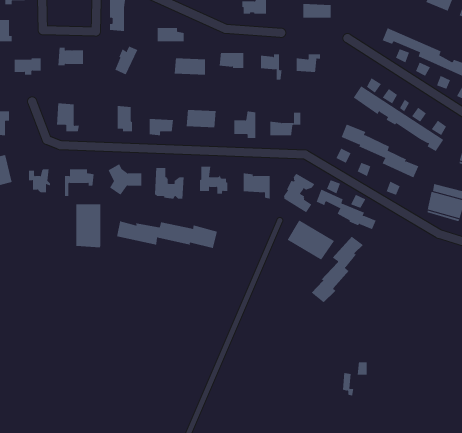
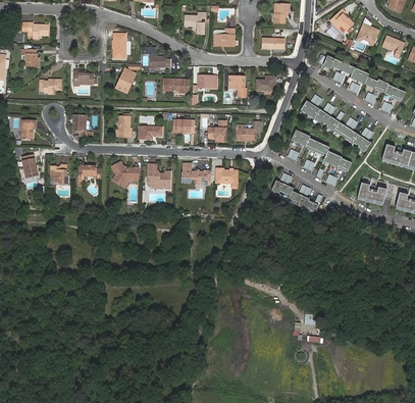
building: [283,173,315,213] -> none
building: [76,203,101,248] -> none
building: [287,219,334,261] -> none
building: [117,220,217,249] -> none
building: [311,236,364,303] -> none

